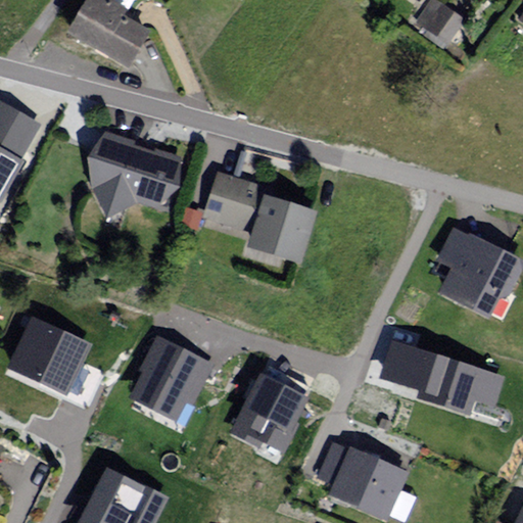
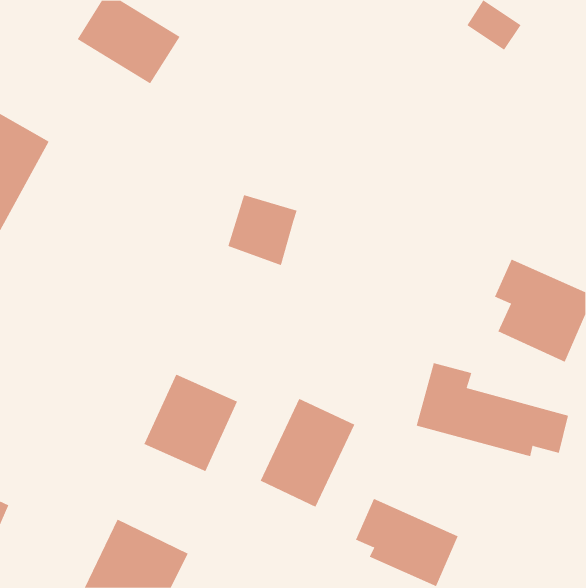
building: [91,132,183,217] -> none
building: [246,196,317,268] -> none
building: [5,318,90,398] -> none

